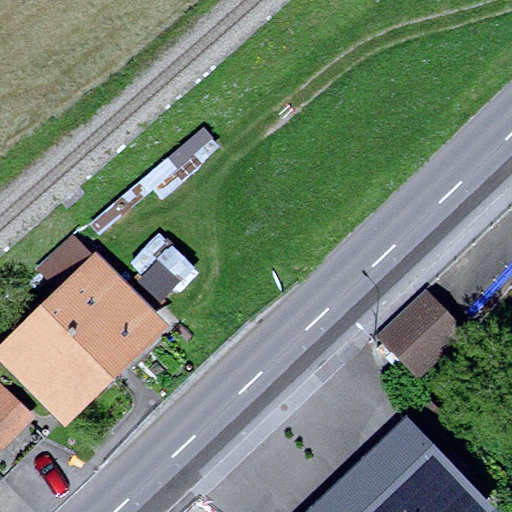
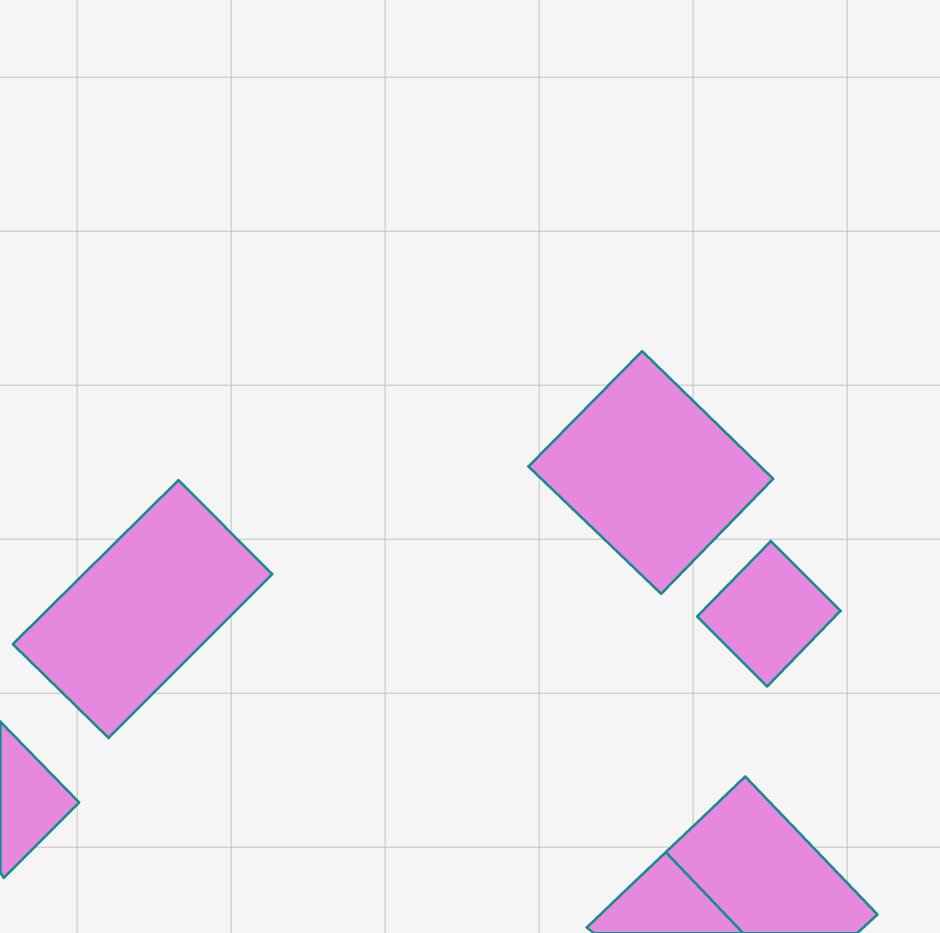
building: none -> [528,351,773,594]

